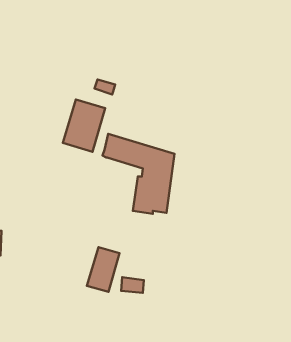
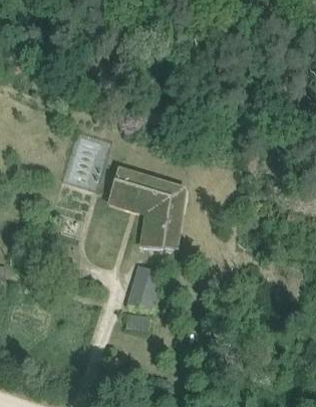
building: [87,247,119,292] -> [128,266,162,312]

